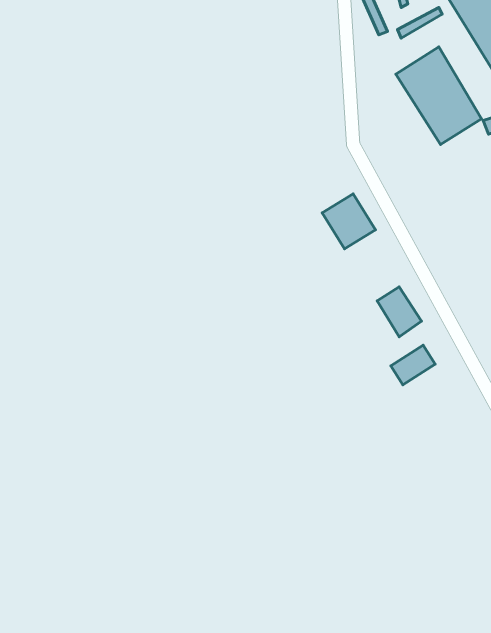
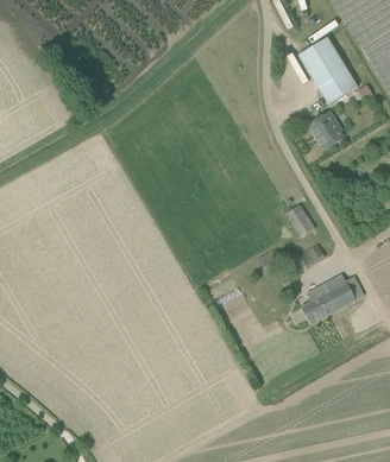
building: [322,194,375,249] -> [309,109,346,147]
building: none -> [301,272,357,322]

